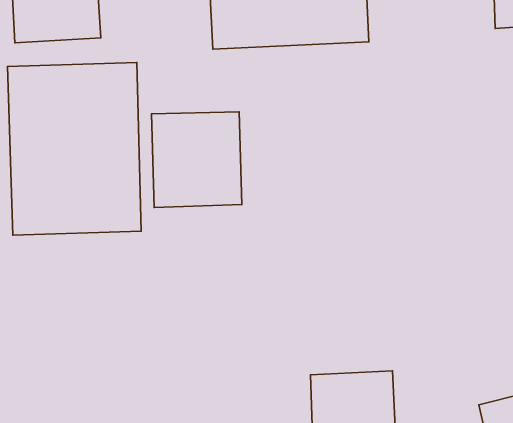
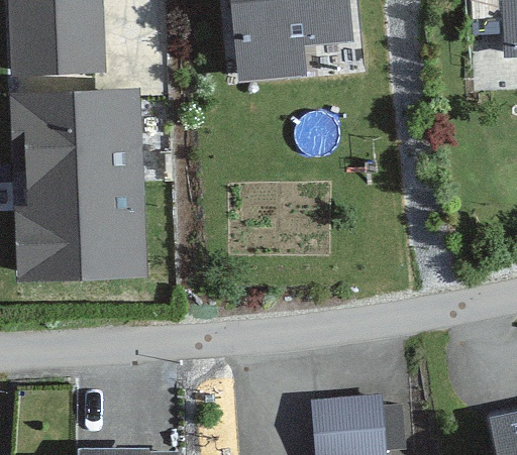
building: [151,112,242,208] -> none

